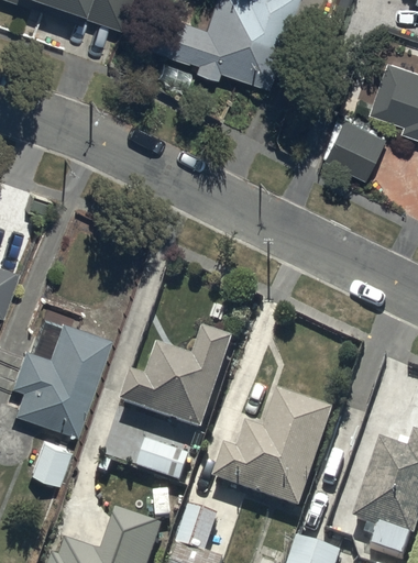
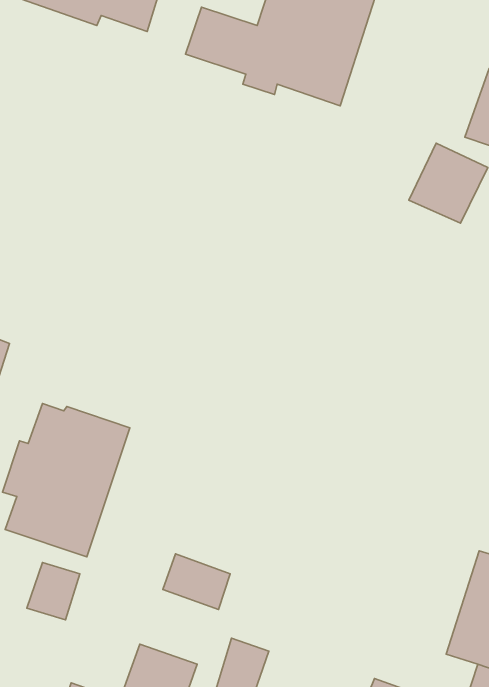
building: [119,324,231,424] -> none
building: [211,385,332,504] -> none

